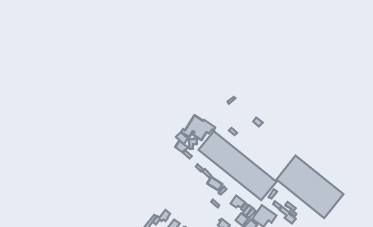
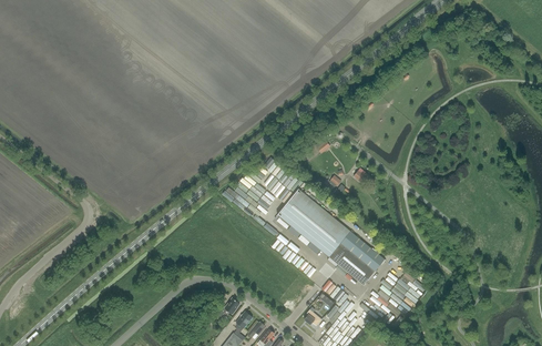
building: [276,156,343,218] -> none

